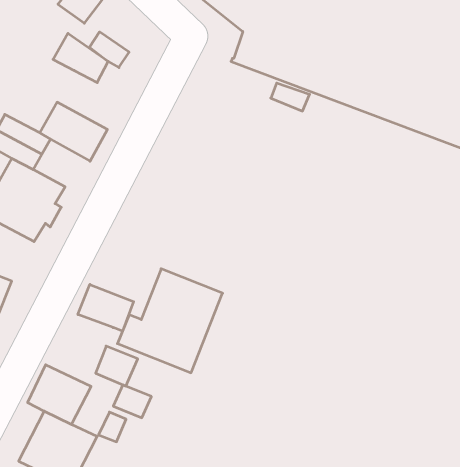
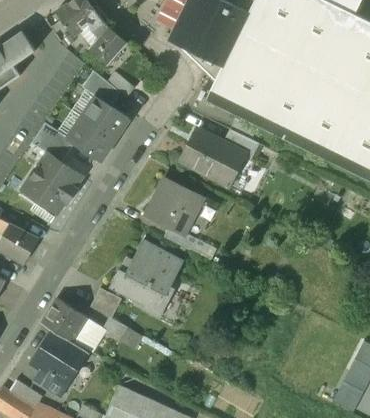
building: none -> [82,96,129,139]
building: none -> [181,130,245,184]
building: none -> [146,178,202,233]
building: [78,284,134,331] -> none

